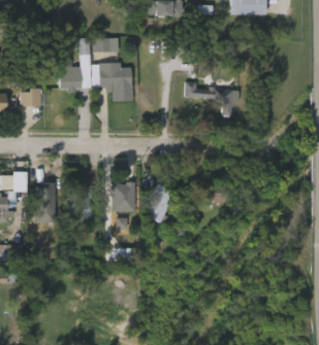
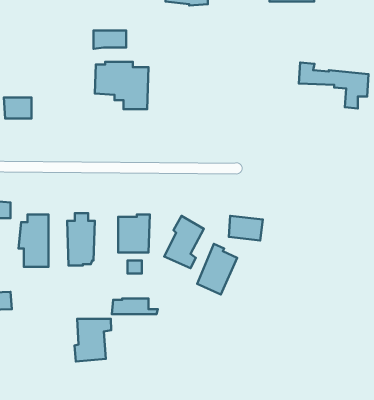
building: [56,38,89,93] -> none
building: [183,81,237,117] -> [299,62,368,108]
building: none -> [197,244,237,294]
building: none -> [74,319,111,362]

